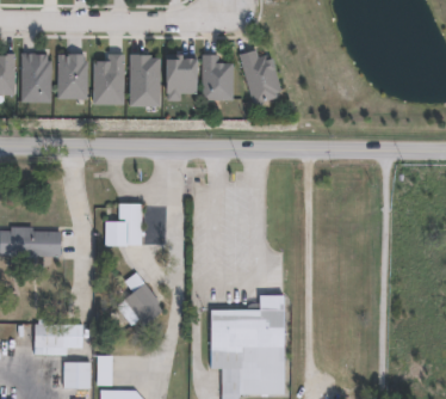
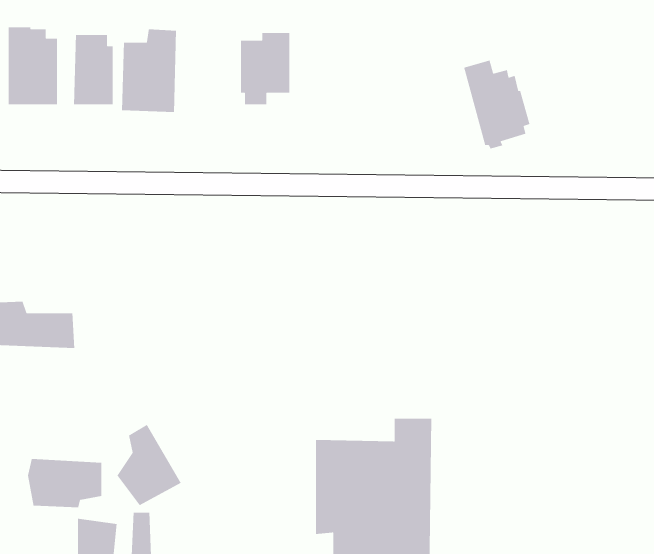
building: [200,51,233,97] -> none
building: [239,53,280,109] -> [463,59,530,150]
building: [130,55,161,105] -> none
building: [107,201,143,245] -> none
building: [119,271,160,323] -> [117,424,182,506]

